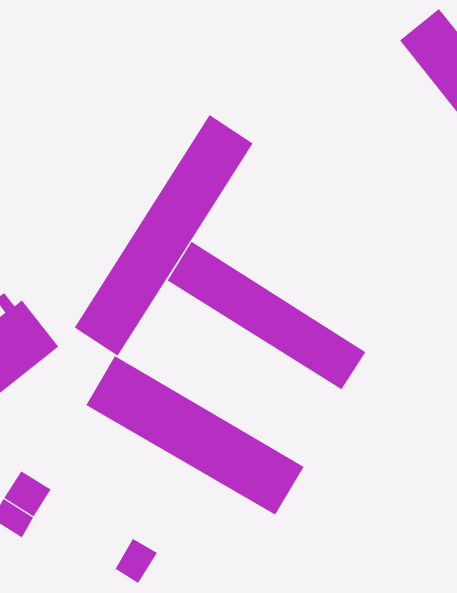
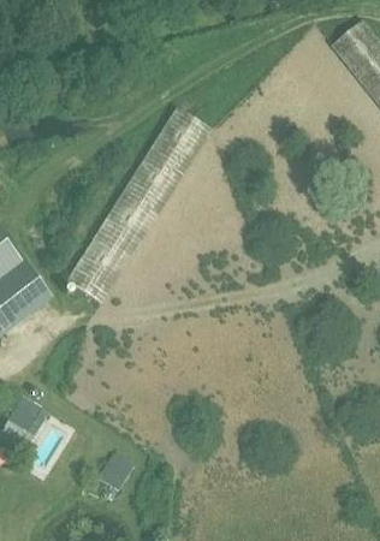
building: [167,241,366,390] -> none
building: [86,355,304,516] -> none

